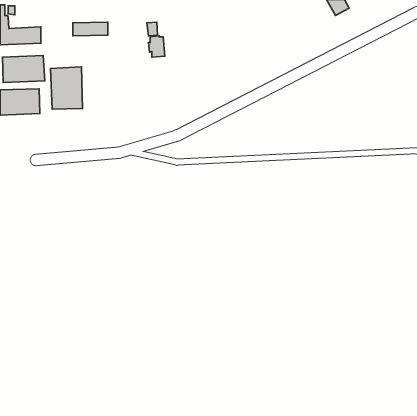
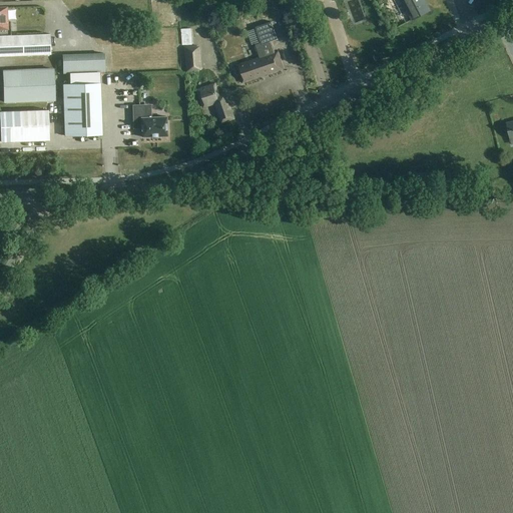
building: none -> [235,21,285,82]
building: [73,22,108,36] -> [64,55,107,72]
building: none -> [196,82,233,122]
building: none -> [132,103,167,136]

